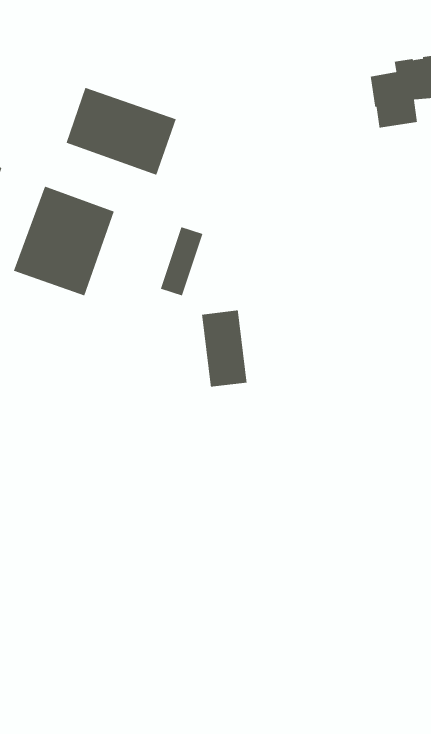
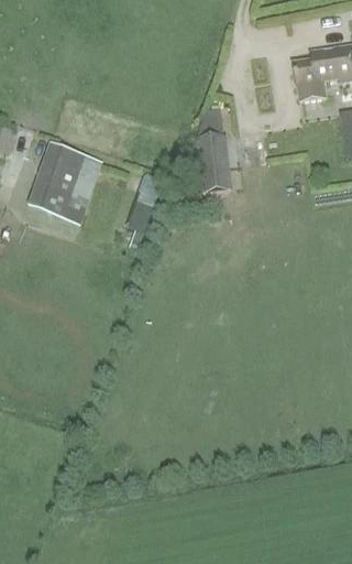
building: [65,87,177,176] -> none
building: [201,310,248,388] -> [195,131,229,188]

